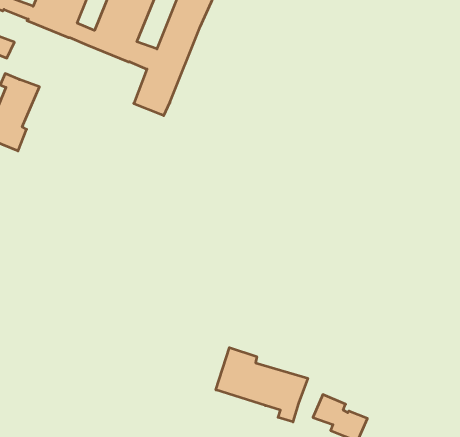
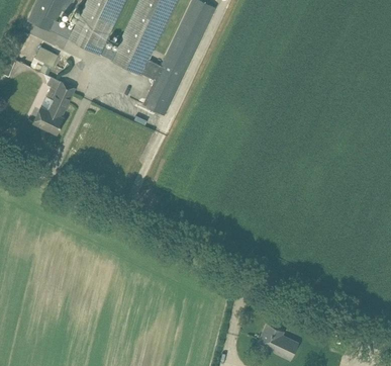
building: [216,348,308,422] -> none

